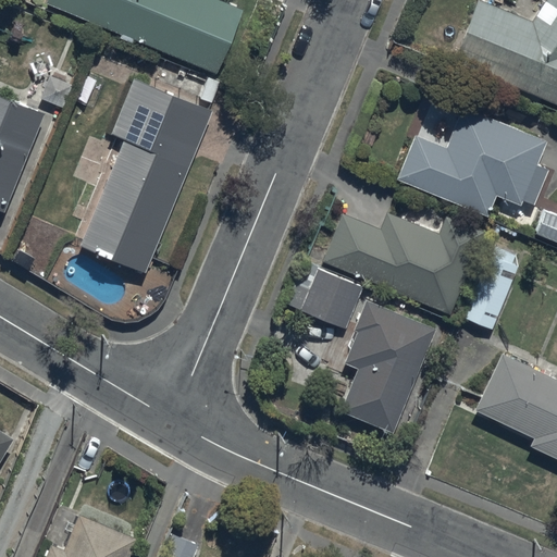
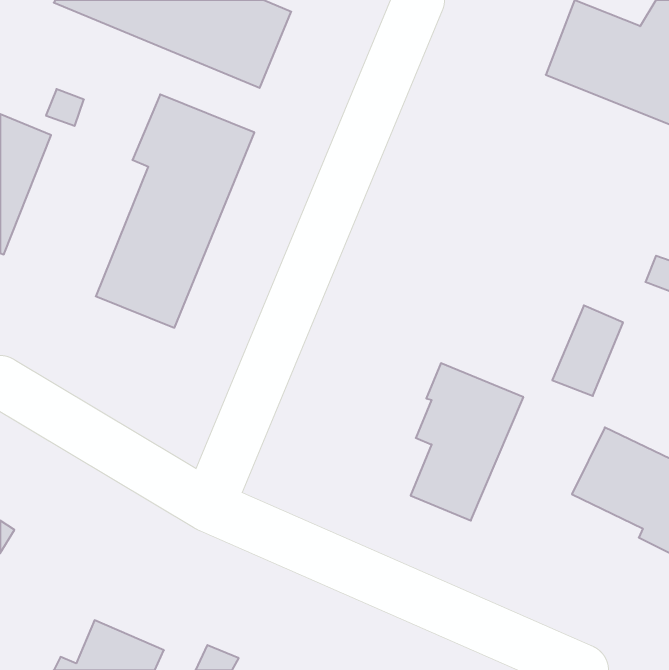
building: [397,108,546,215] -> none
building: [323,213,483,313] -> none
building: [302,270,362,327] -> none

